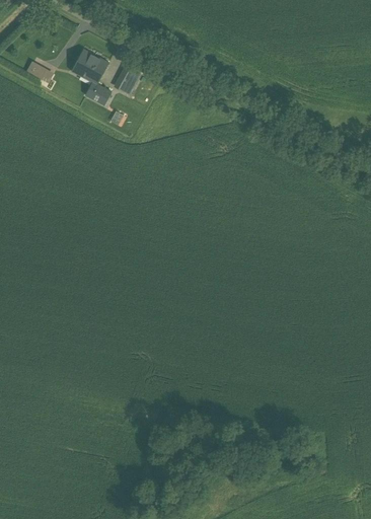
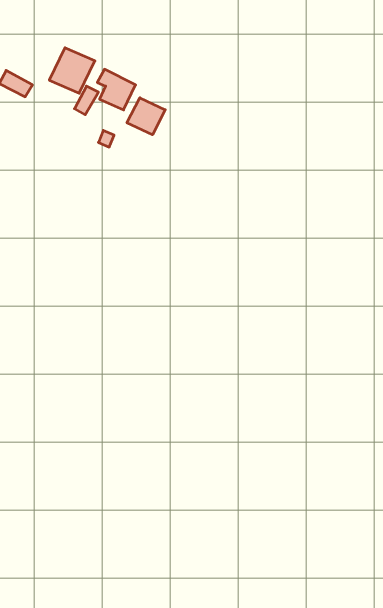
building: none -> [127,98,165,135]

